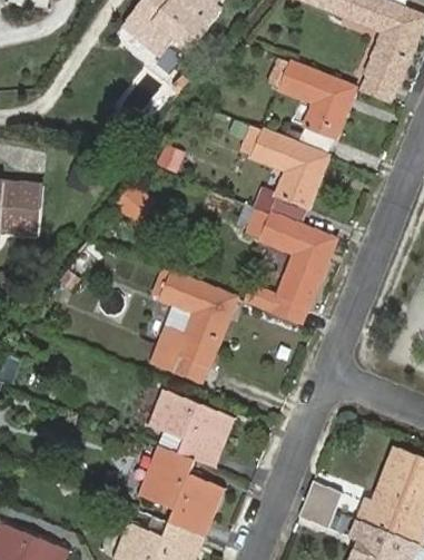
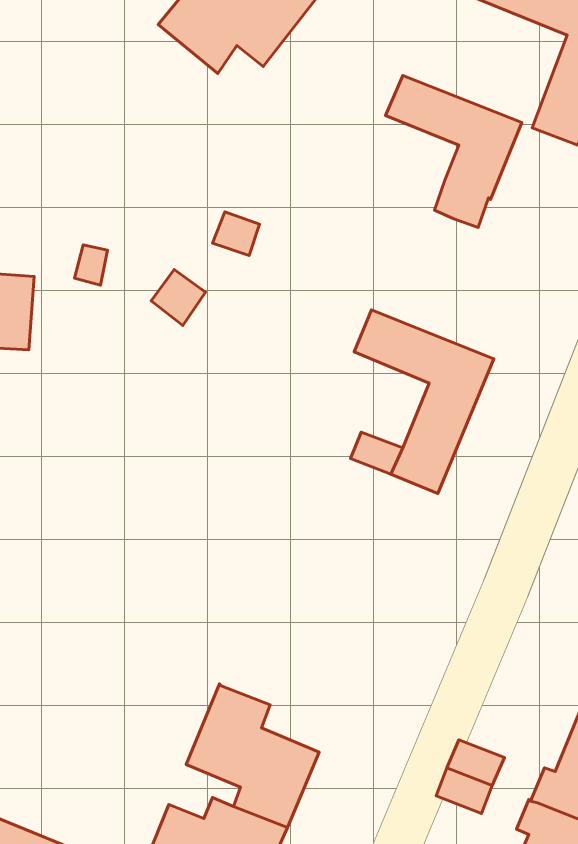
building: [241,125,327,224] -> none
building: [145,268,236,383] -> none
building: [149,390,234,468] -> none

